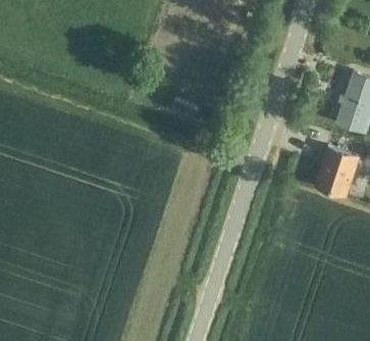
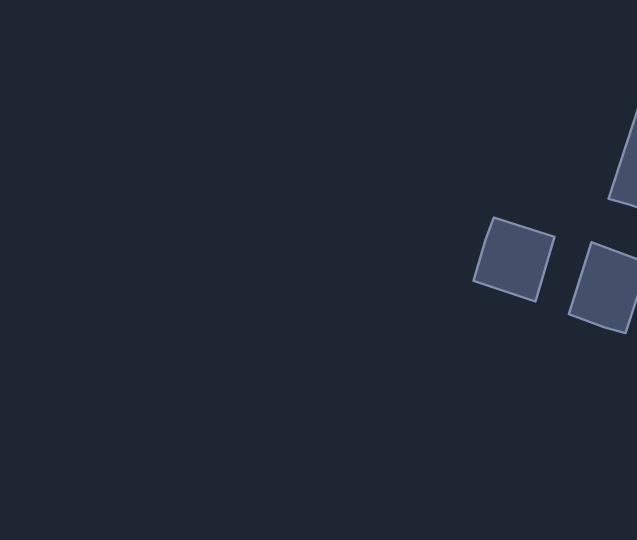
building: none -> [474,217,554,302]

